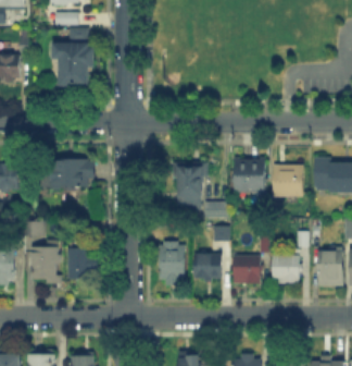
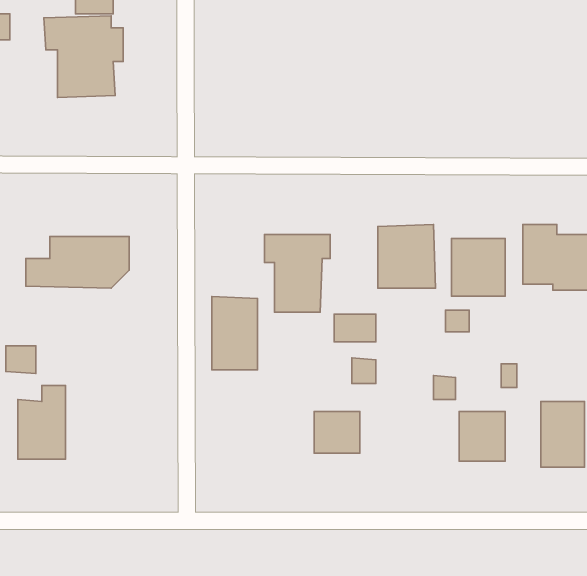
building: [160,243,185,283] -> [212,296,257,370]
building: [68,251,97,279] -> none
building: [236,256,261,283] -> none

